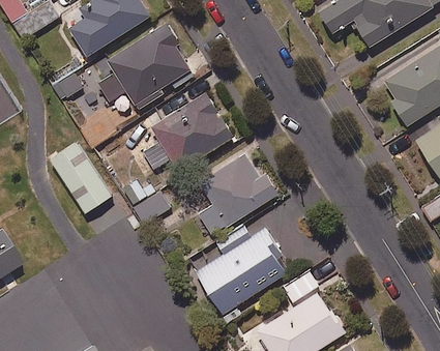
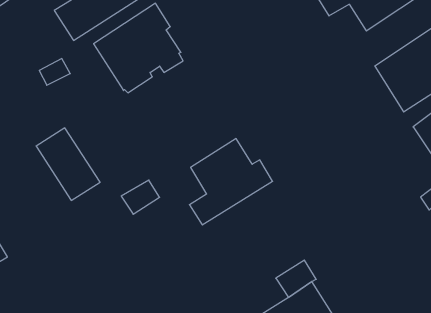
building: [144,93,234,170] -> none
building: [196,225,288,311] -> none

